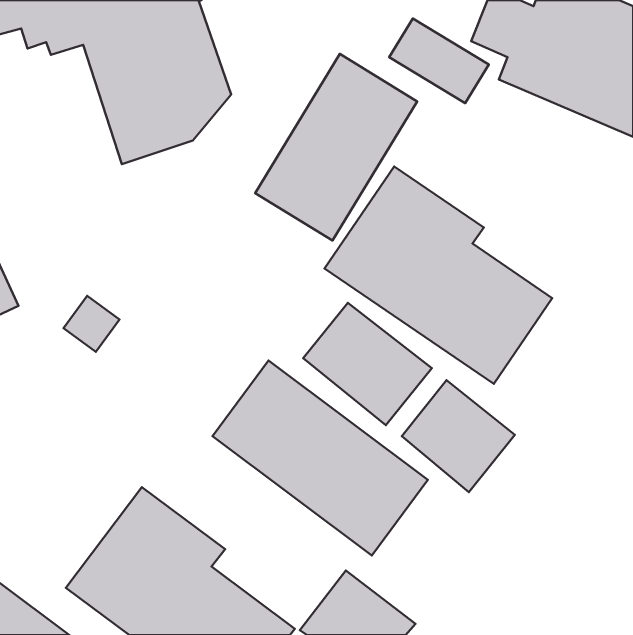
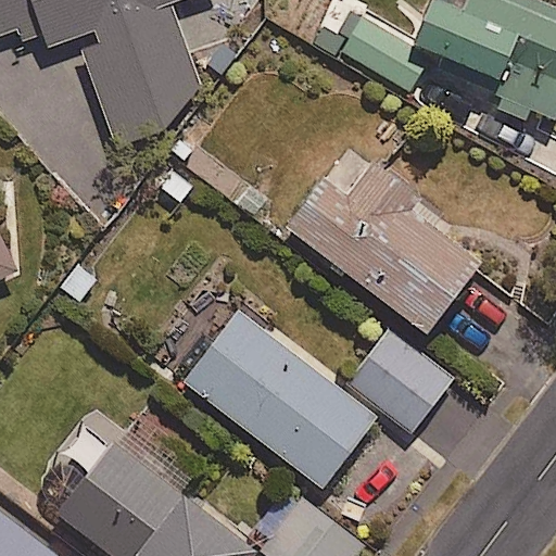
building: [255,54,417,241] -> none
building: [303,303,432,425] -> none

